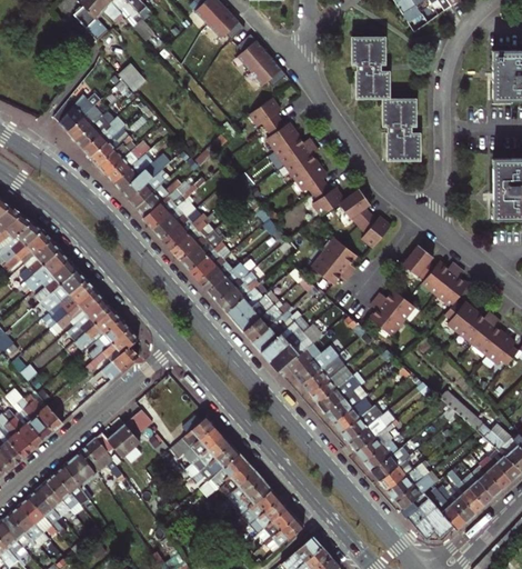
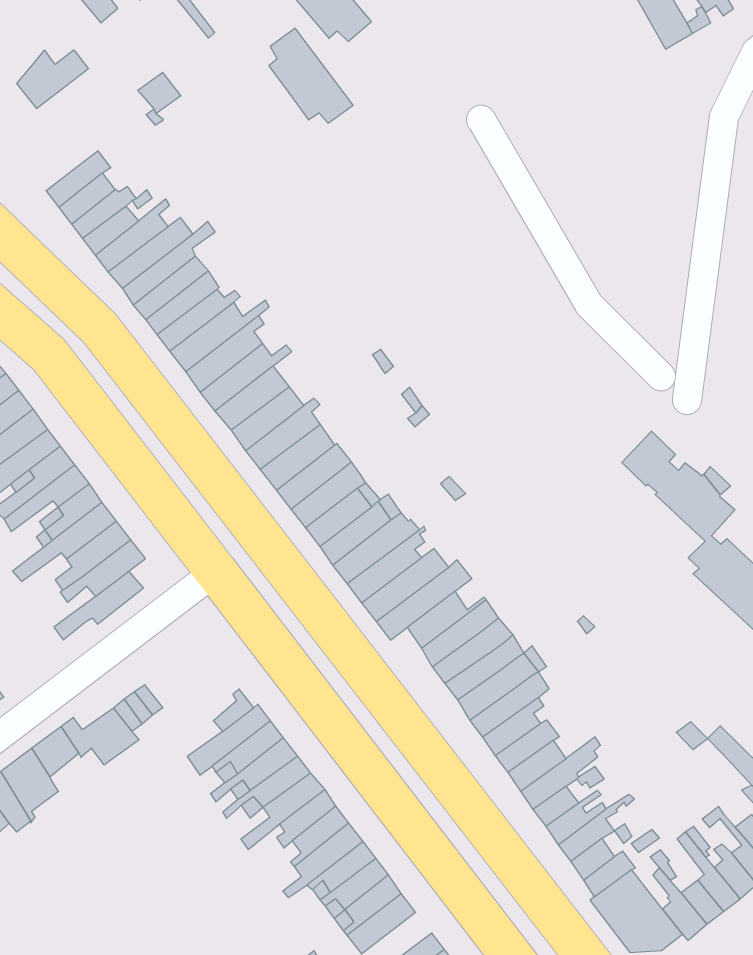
building: [238,33,287,86] -> [269,28,353,123]
building: [349,37,420,160] -> none
building: [56,100,96,134] -> [17,50,89,108]
building: [249,100,391,251] -> none
building: [312,242,358,289] -> none
building: [369,291,414,338] -> none

